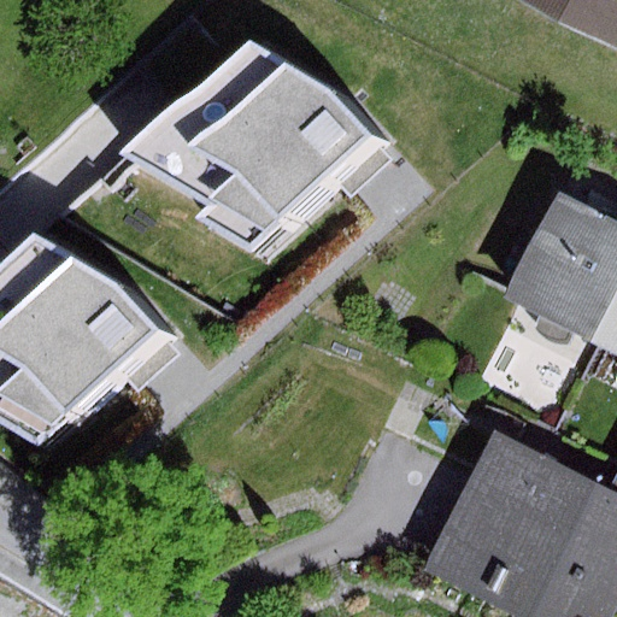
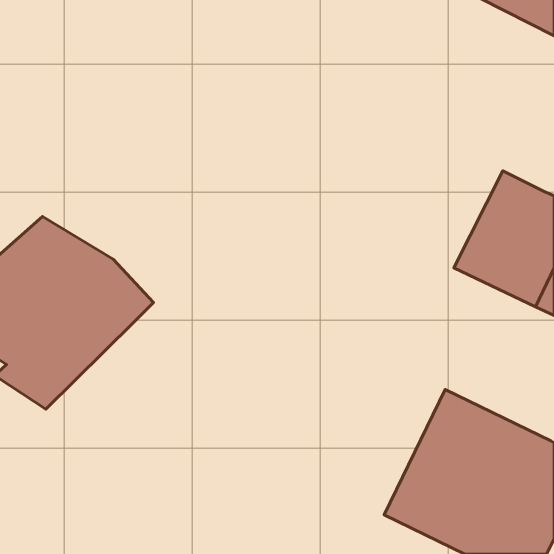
building: [130,48,382,262] -> none

